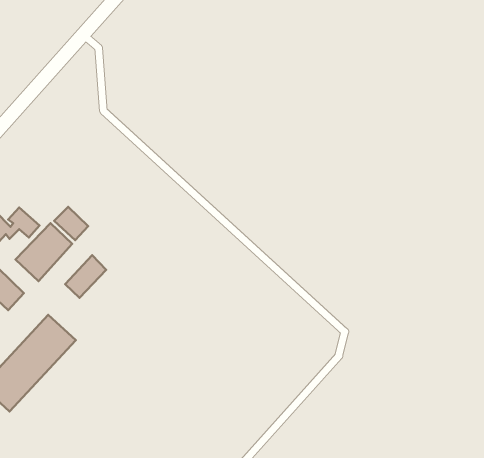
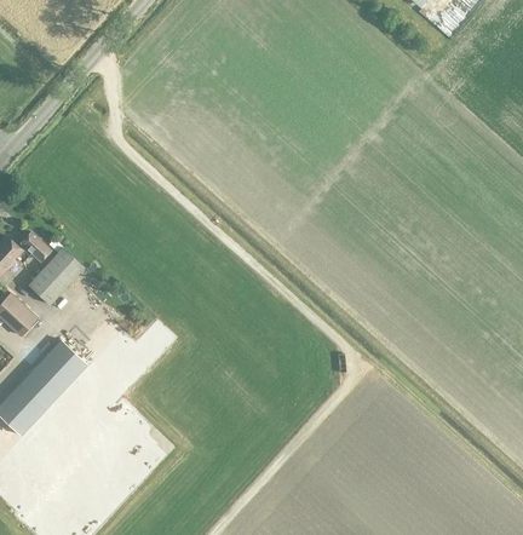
building: [54,207,88,240] -> none
building: [65,255,106,298] -> none

